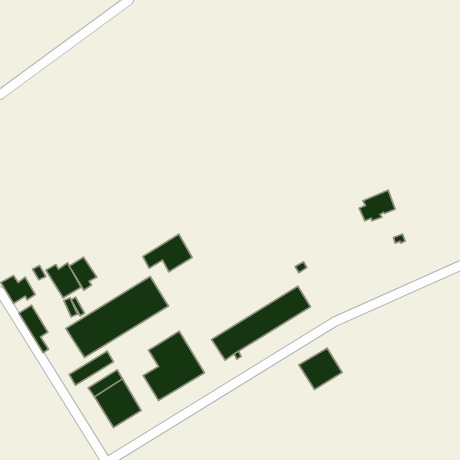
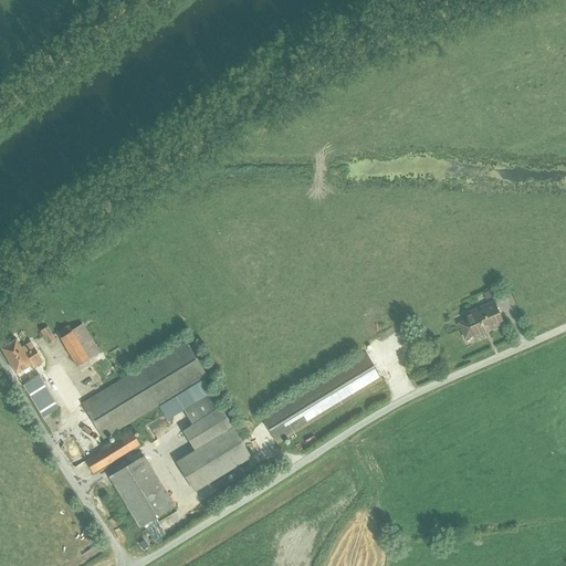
building: [359,190,395,221] -> [459,300,503,337]
building: [143,234,192,272] -> [159,378,220,424]
building: [69,257,97,290] -> none
building: [299,348,342,389] -> none

